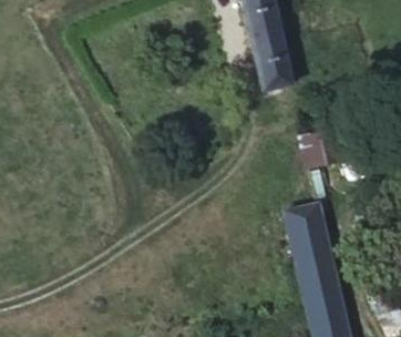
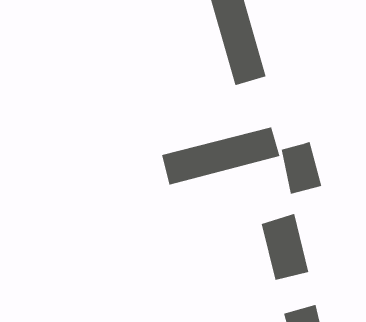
building: none -> [162,126,280,185]
building: [292,258,331,297] -> none

